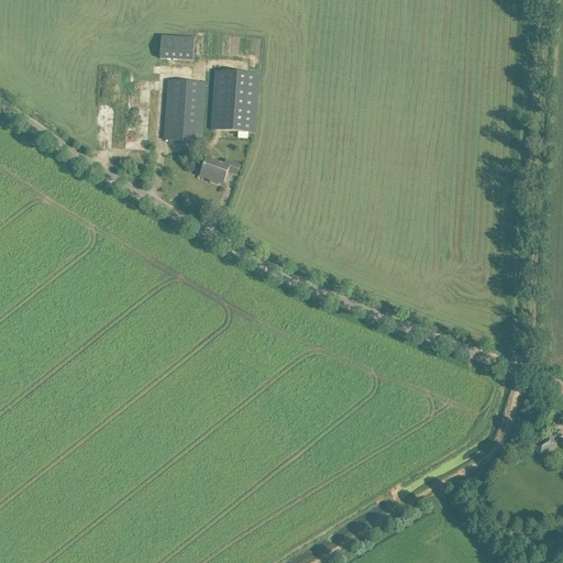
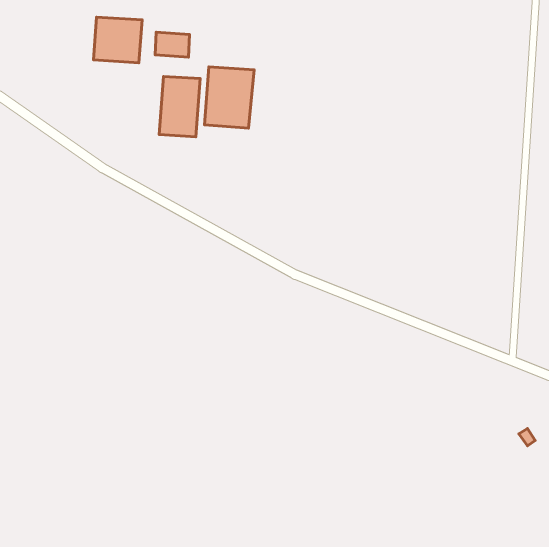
building: none -> [93,17,142,63]
building: [199,156,239,181] -> none

